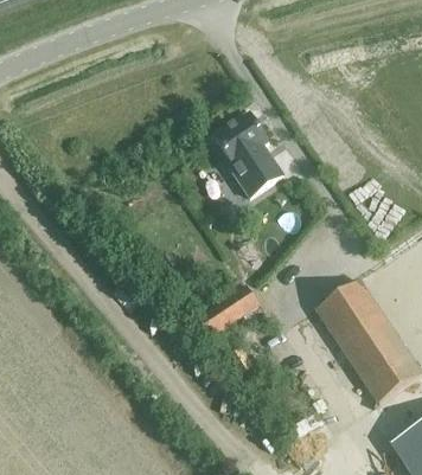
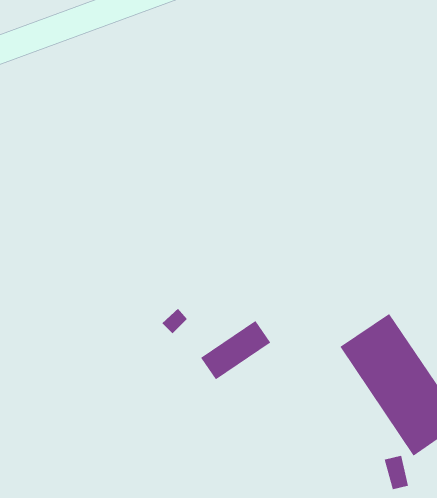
building: [216,114,279,191] -> none

